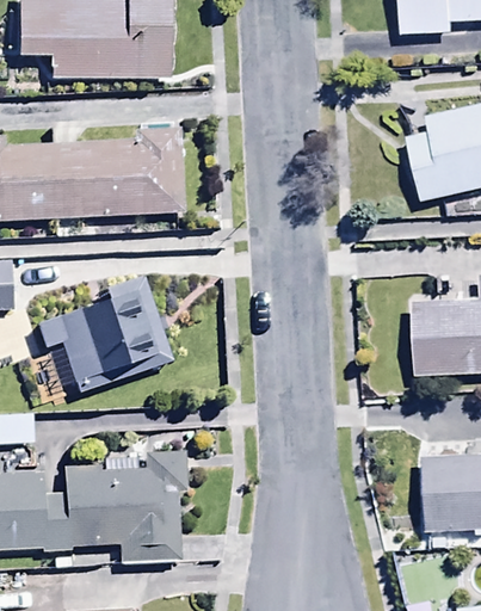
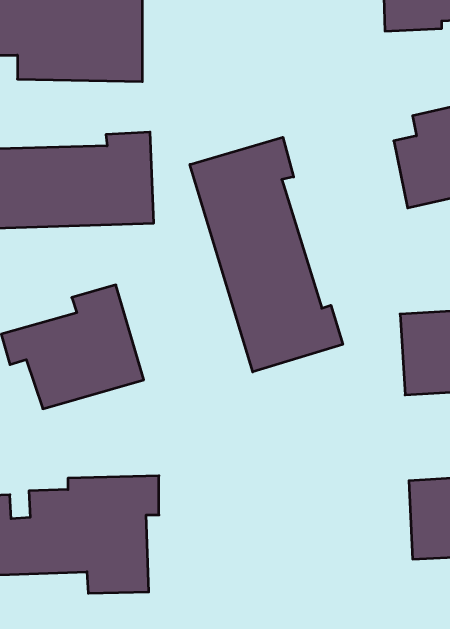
building: none -> [190,137,343,372]

